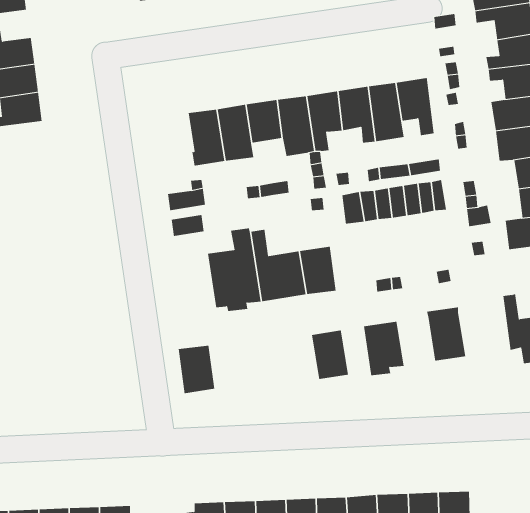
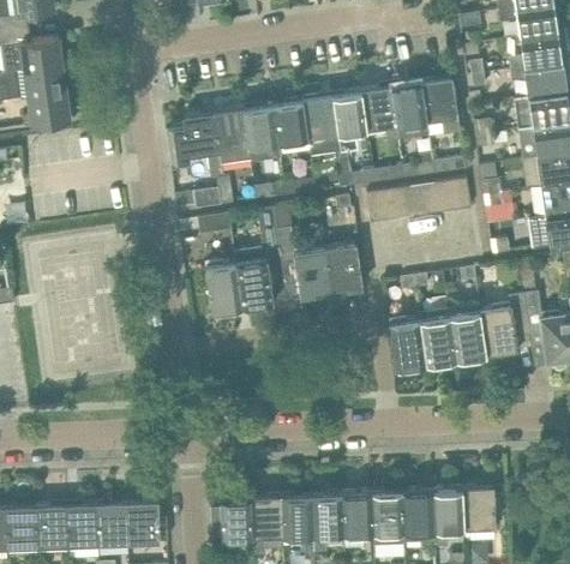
building: none -> [166,114,222,176]
building: none -> [484,295,534,355]
building: [311,330,349,380] -> [422,316,460,365]
building: [178,345,215,394] -> [205,264,242,312]

